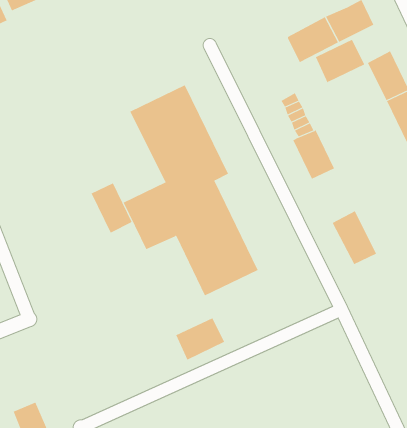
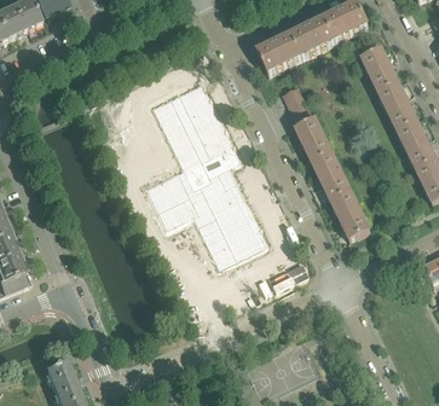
building: [315,39,365,84] -> [256,35,301,75]
building: none -> [312,152,351,201]
building: [91,182,132,233] -> none
building: [175,318,225,360] -> none

